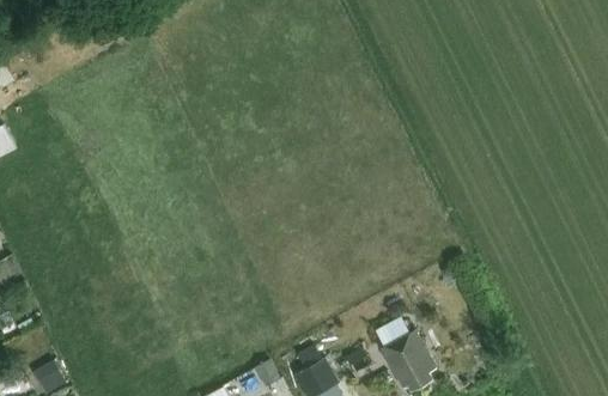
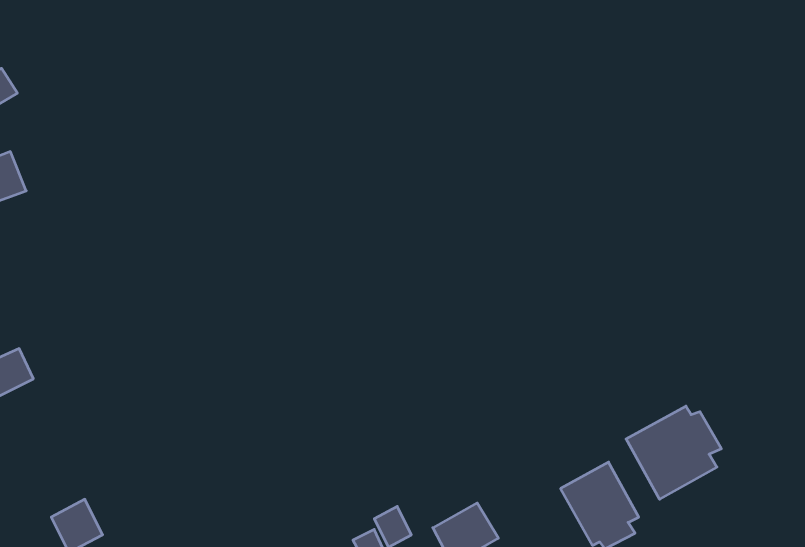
building: none -> [626,406,721,499]

